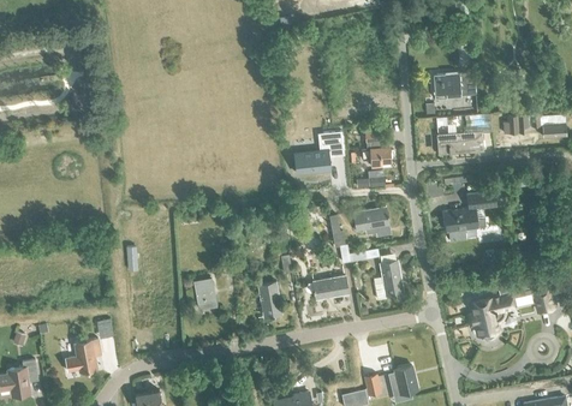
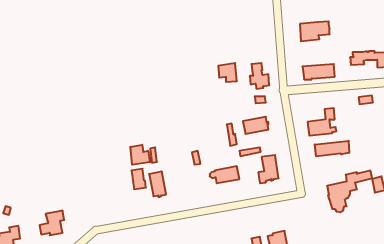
building: [300,149,329,173] -> none
building: none -> [315,141,349,156]
building: none -> [130,145,150,165]
building: [257,281,281,317] -> [149,172,166,197]

